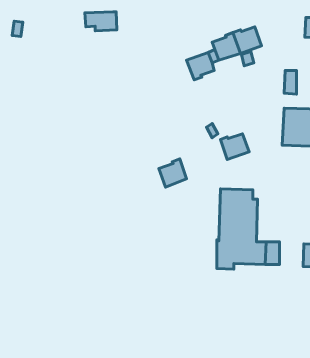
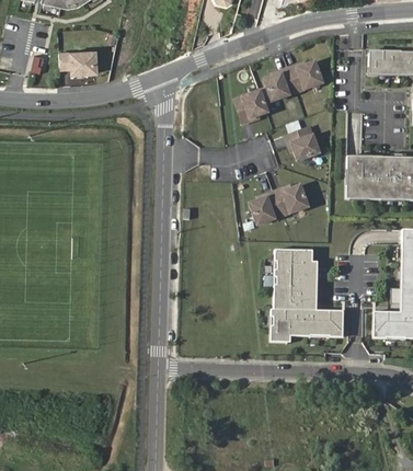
building: [85,12,117,31] -> [59,51,96,73]
building: none -> [286,127,318,160]
building: [159,159,186,187] -> [250,192,282,225]

